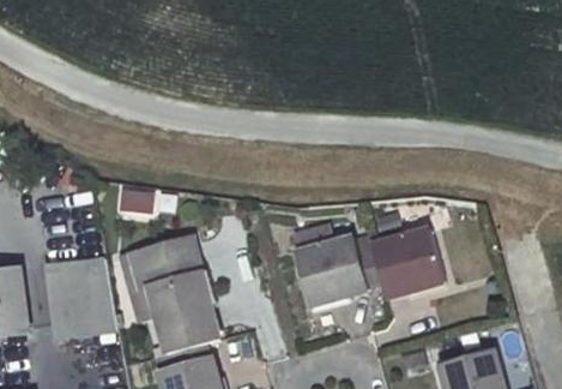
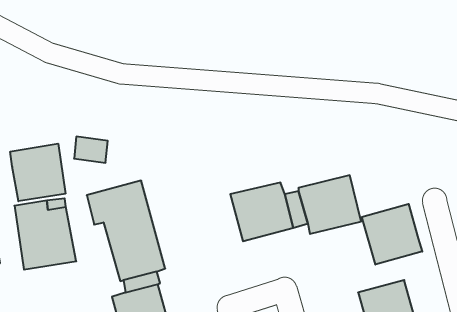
building: none -> [10,144,65,201]
building: none -> [362,204,422,265]

